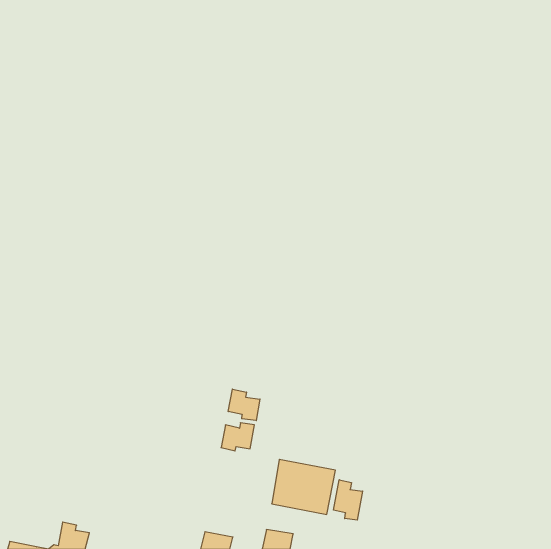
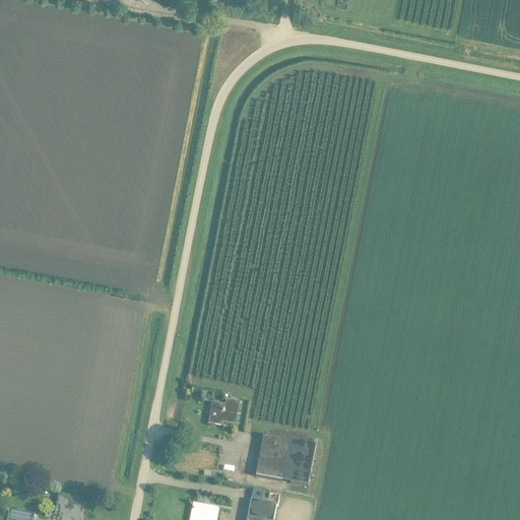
building: [228,389,260,421] -> none
building: [334,480,363,520] -> none

